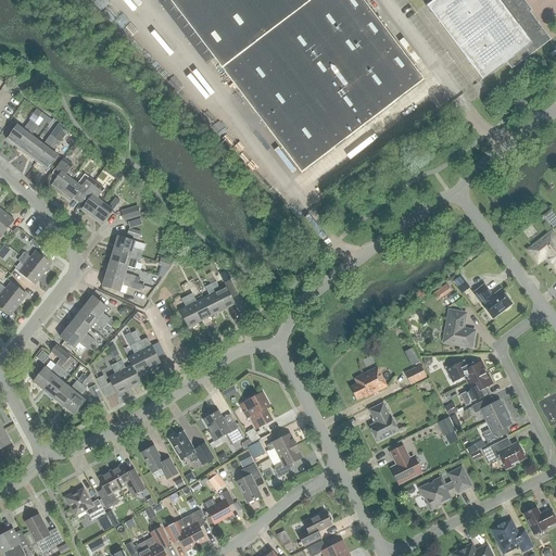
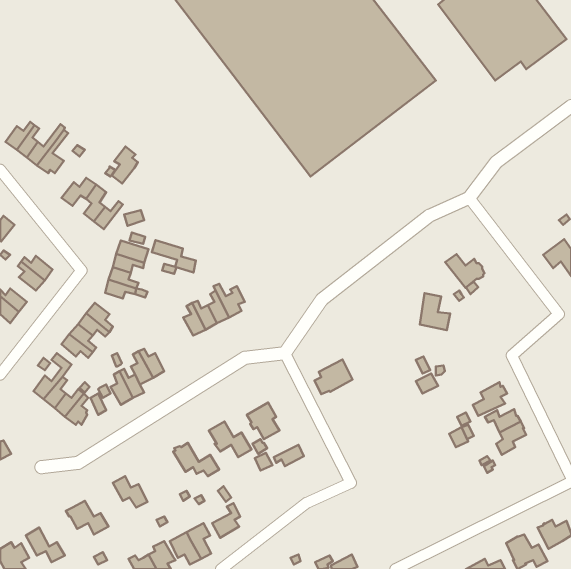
building: [50,156,75,192] -> [112,147,138,183]
building: none -> [152,240,196,273]
building: [472,283,510,316] -> [445,254,484,288]
building: [444,309,473,345] -> [420,293,450,330]
building: [444,359,485,381] -> none
building: [350,365,387,399] -> [314,359,352,394]
building: [369,402,397,440] -> none
building: [482,441,525,468] -> none
building: [274,443,302,477] -> none
building: [390,444,421,482] -> none
building: [141,445,177,478] -> none
building: [236,463,261,502] -> none
building: [418,465,471,509] -> none
building: [97,469,119,507] -> none
building: [298,509,331,544] -> none

